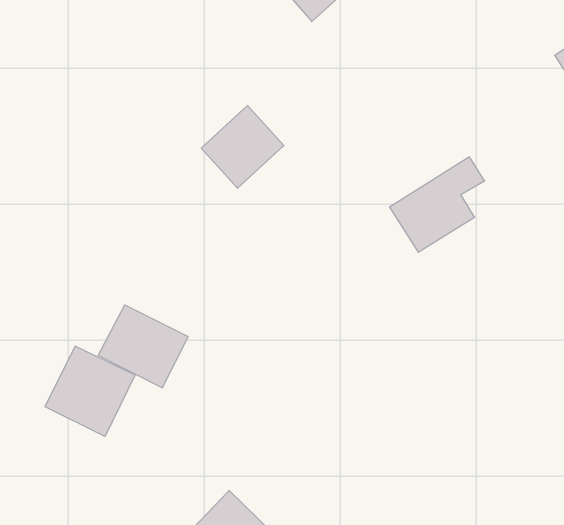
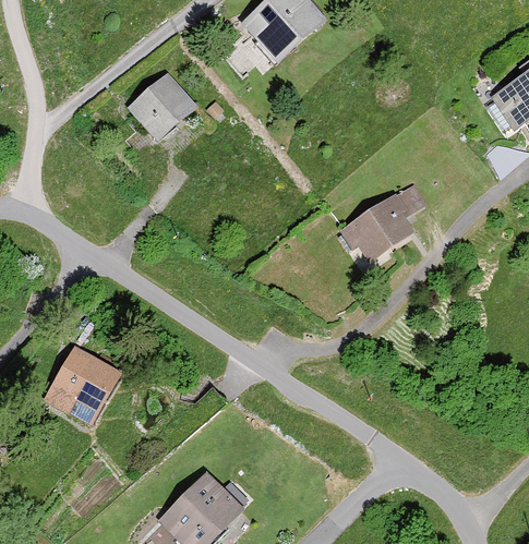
building: [201,106,284,188] -> [127,71,199,143]
building: [98,305,188,388] -> none

